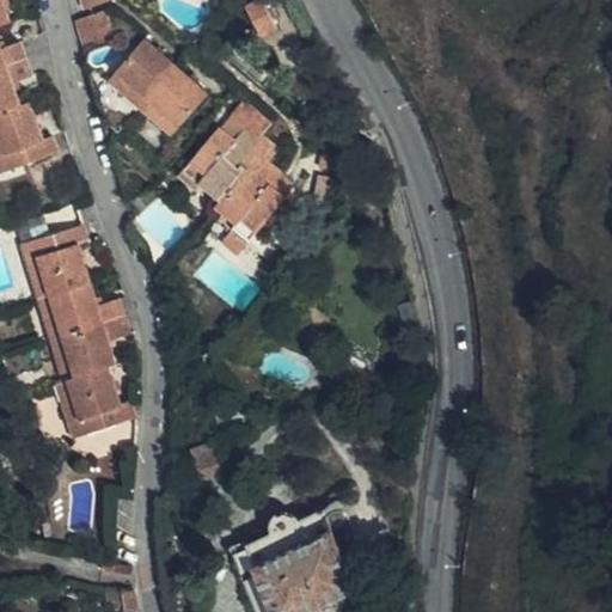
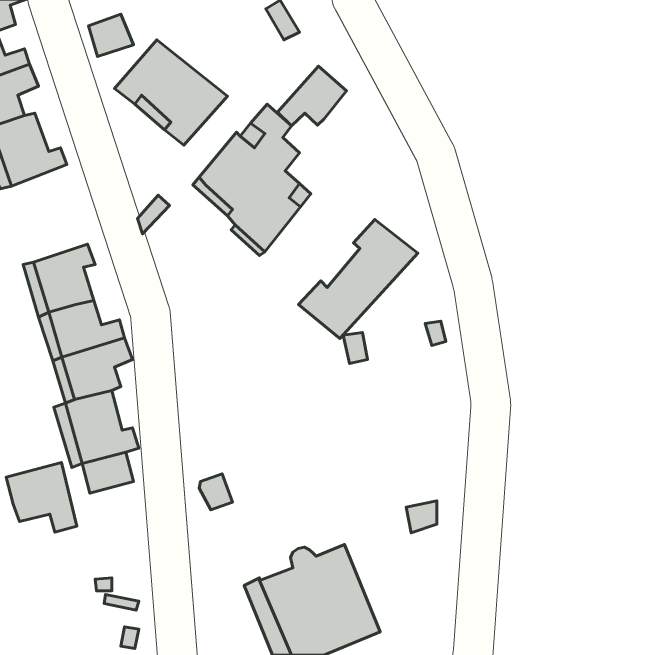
building: none -> [278,66,347,126]
building: none -> [298,220,418,339]
building: none -> [6,462,77,532]

